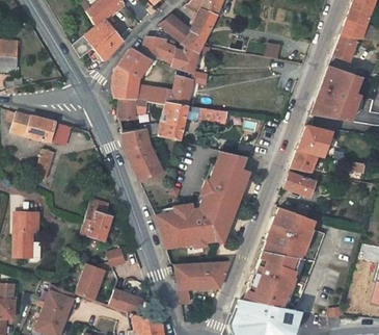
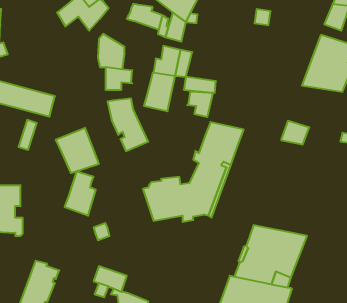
building: [117,49,150,78] -> none
building: [136,85,168,104] -> none
building: none -> [187,91,213,117]
building: [296,125,330,156] -> none
building: none -> [56,128,99,173]
building: [282,169,318,198] -> none
building: [263,207,325,261] -> none
building: [74,261,103,299] -> none
building: [174,263,228,303] -> none

